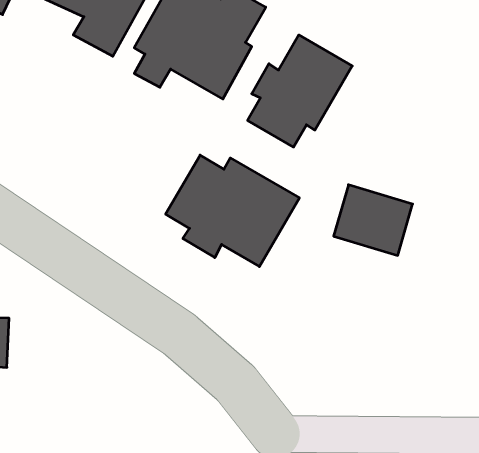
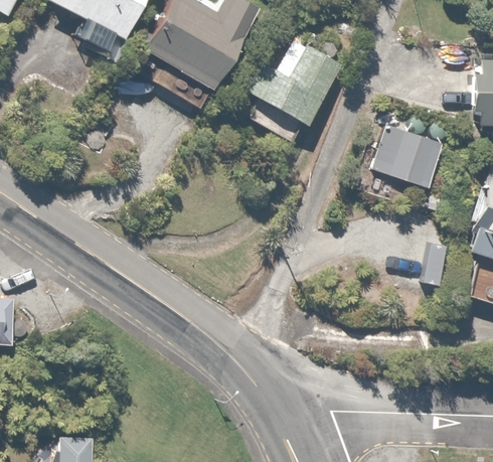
building: [166,155,299,267] -> none
building: [334,185,413,255] -> [368,121,443,187]

